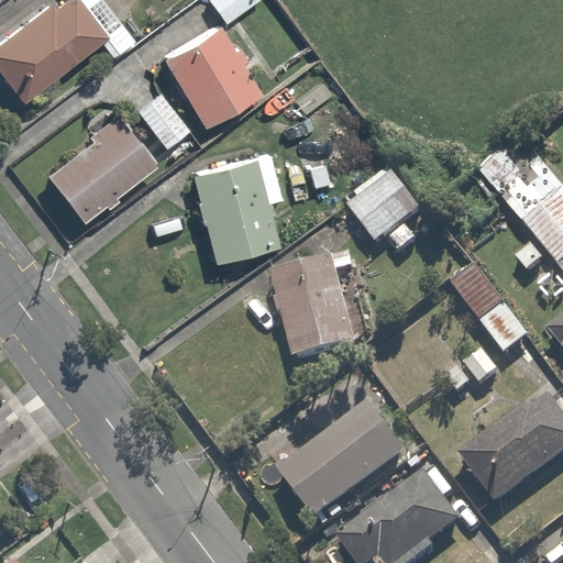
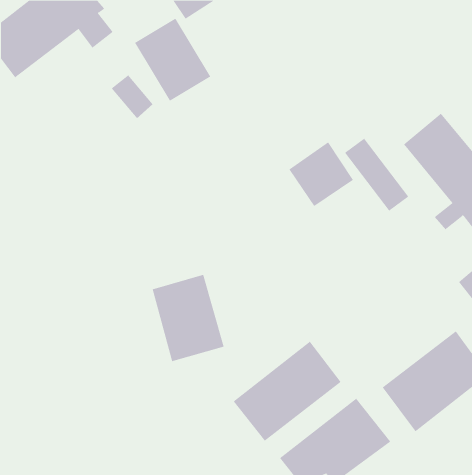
building: [45,111,154,219] -> none
building: [190,151,278,261] -> none
building: [274,255,360,358] -> [152,274,224,362]
building: [452,266,529,353] -> [344,138,409,212]

